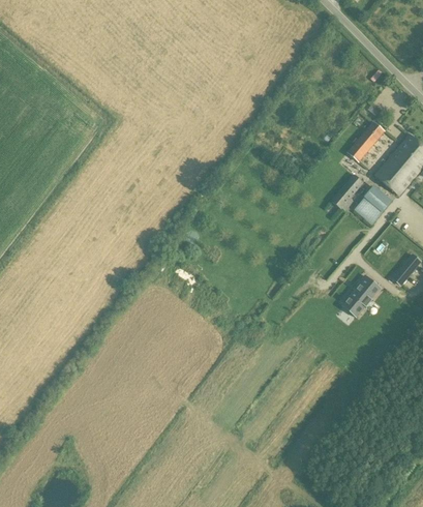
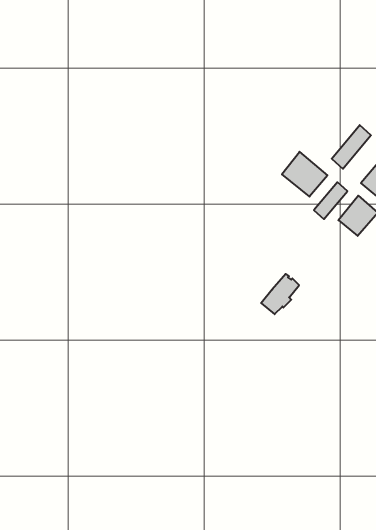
building: none -> [282,152,327,197]
building: [345,277,381,315] -> [261,274,299,314]

